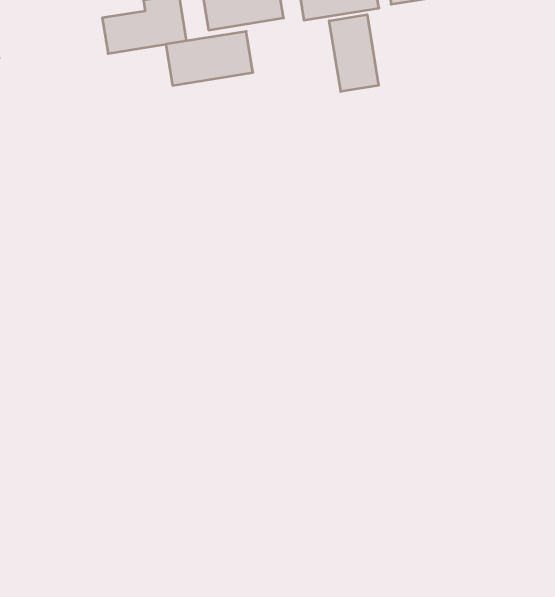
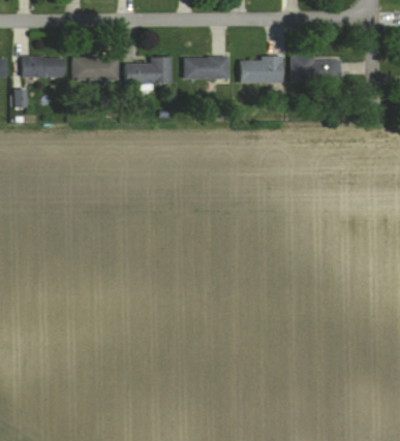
building: [329,15,379,92] -> none
building: [166,31,253,85] -> [72,57,119,81]

